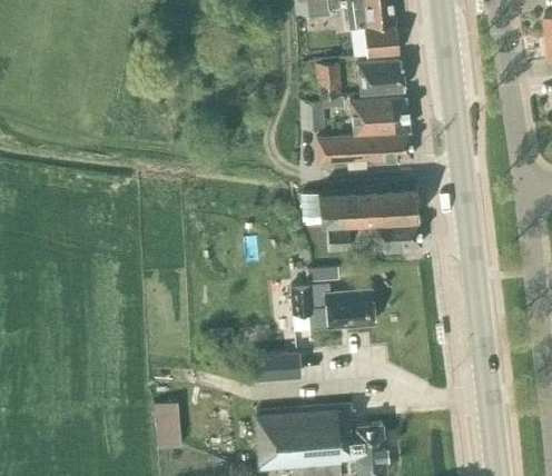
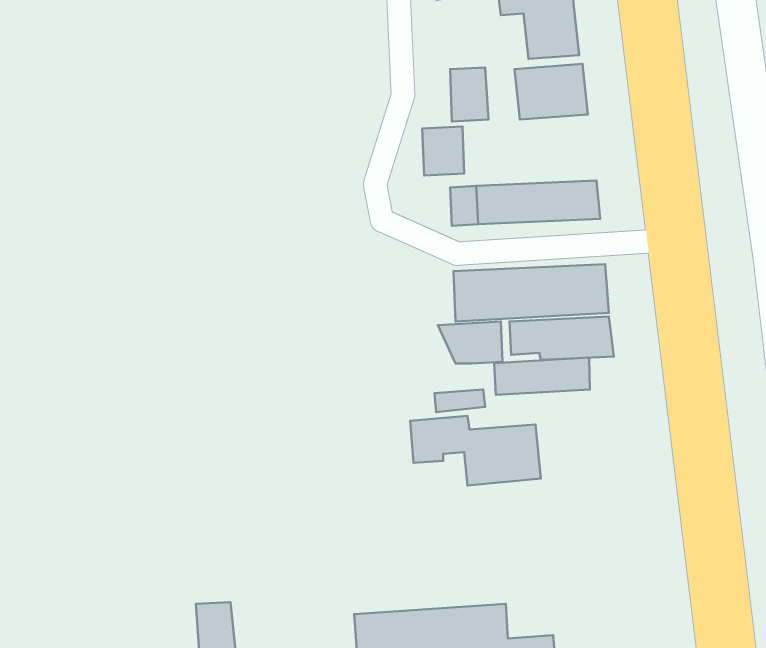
building: [351,98,410,135] -> none
building: none -> [494,358,590,395]
building: [253,353,300,380] -> none

